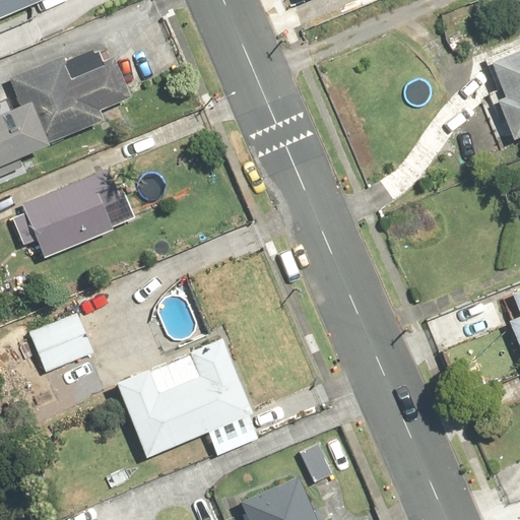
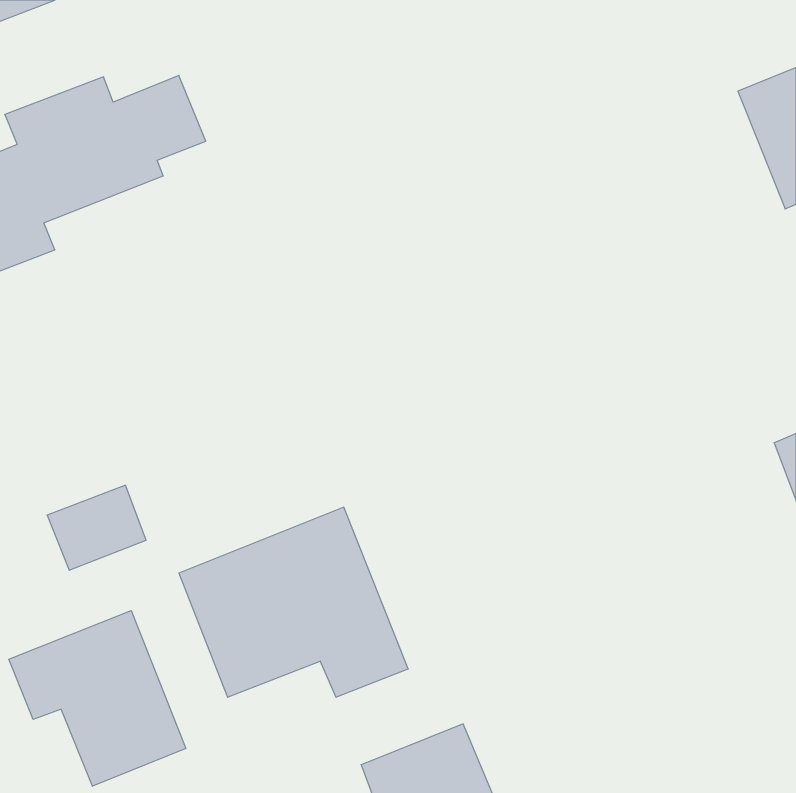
building: [21,172,125,257] -> none
building: none -> [9,611,186,786]

